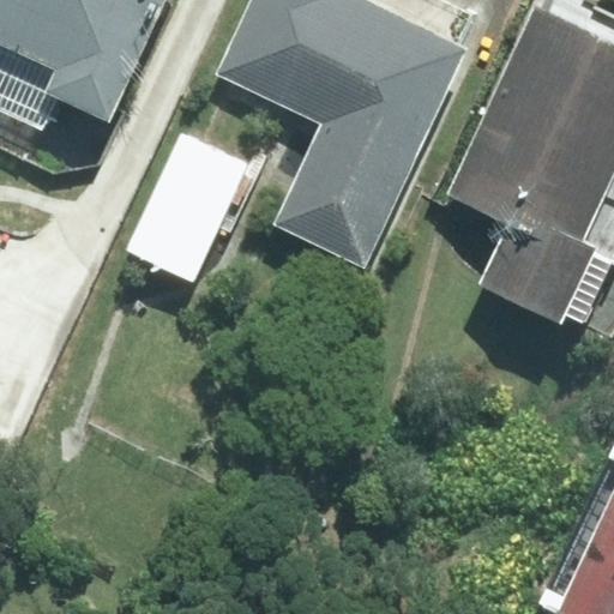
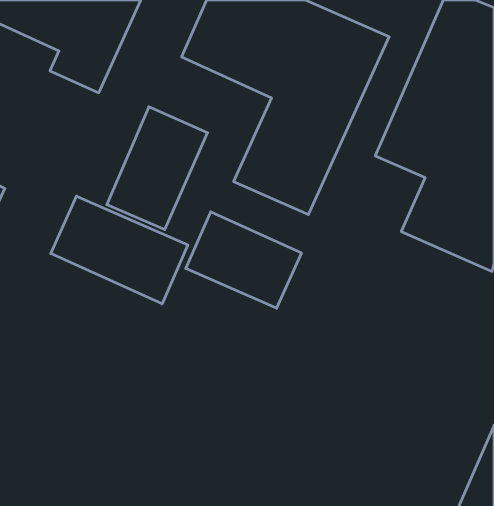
building: none -> [51,196,188,304]
building: none -> [186,212,301,308]

